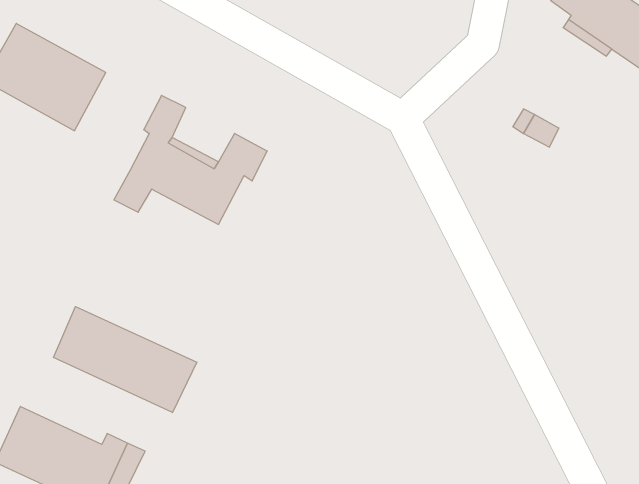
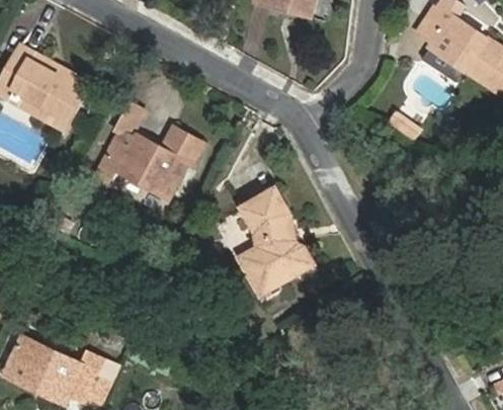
building: none -> [239,188,315,295]
building: [53,307,197,413] -> none

